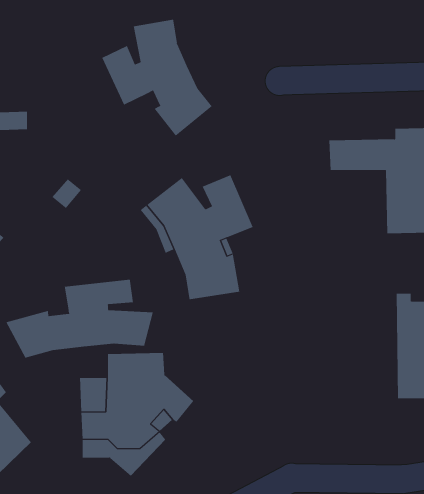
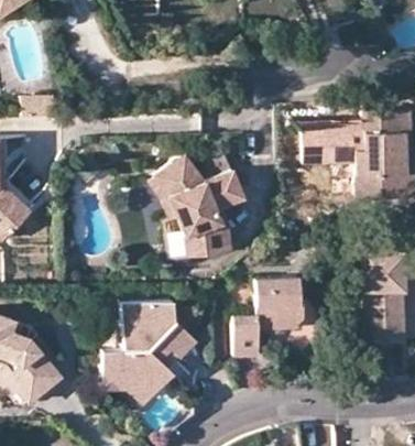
building: [102,19,213,137] -> none
building: [6,279,154,359] -> none
building: none -> [233,278,302,356]

